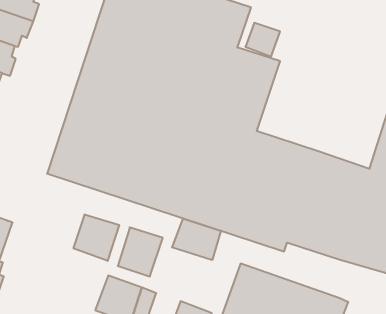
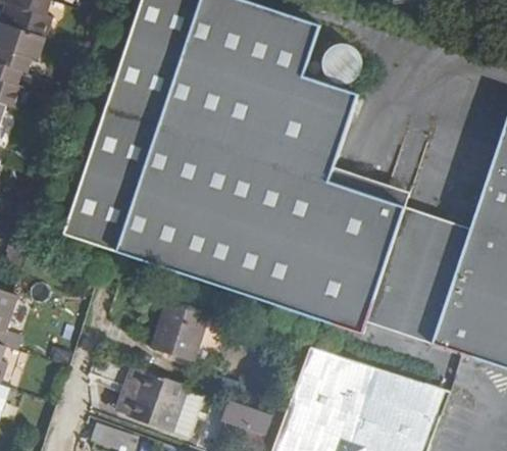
building: [74,214,119,261] -> none
building: [172,219,221,260] -> none

